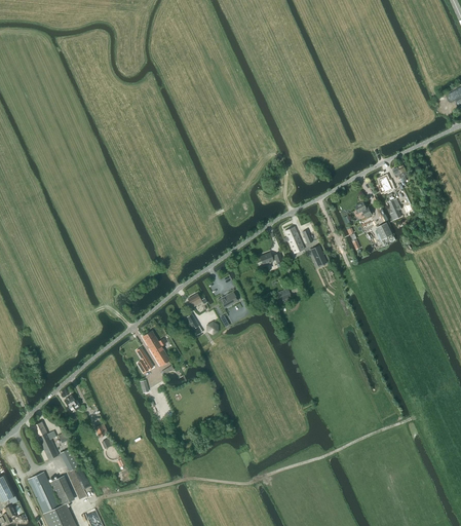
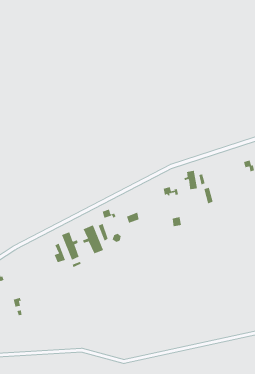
building: none -> [82,224,104,254]

